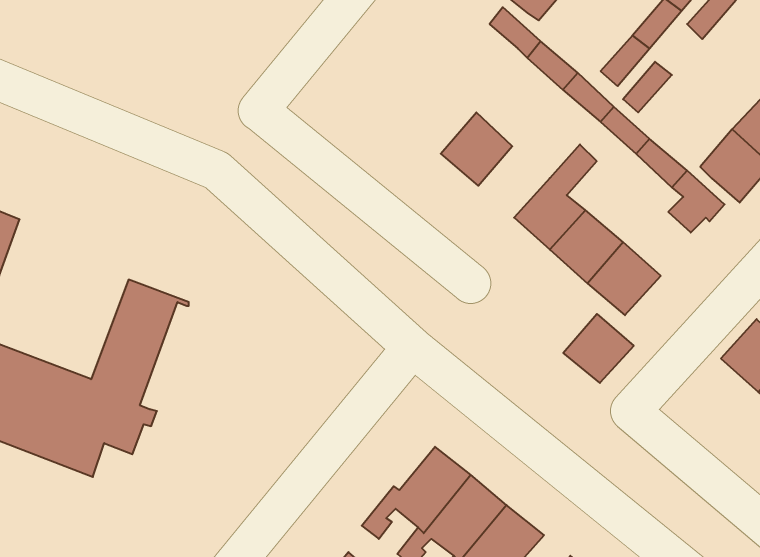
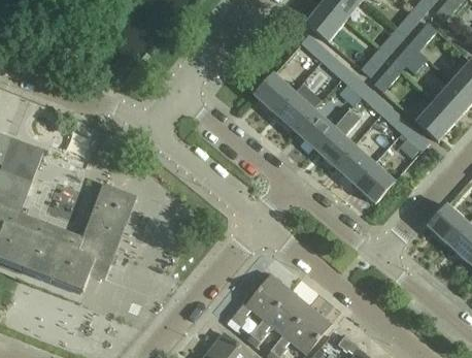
building: none -> [392,42,431,75]
building: none -> [254,73,294,113]
building: none -> [295,109,334,149]
building: [563,314,634,383] -> none

